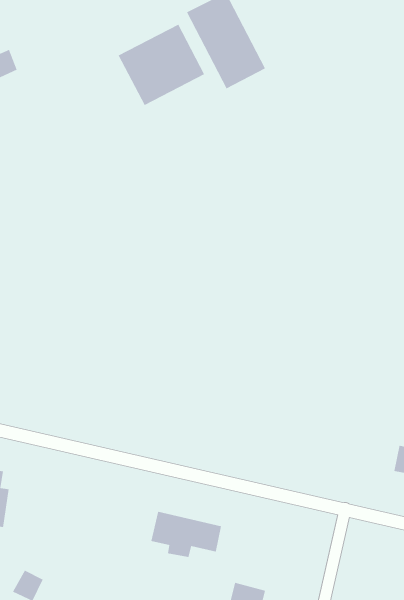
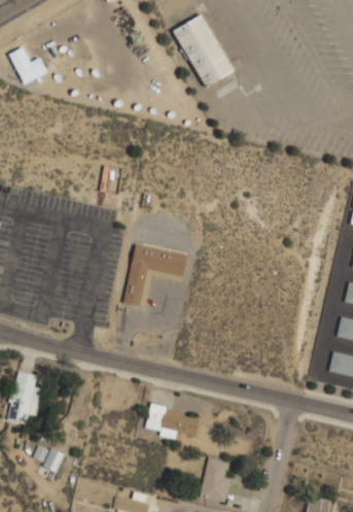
building: [118,24,205,106] -> none
building: none -> [123,244,186,306]

